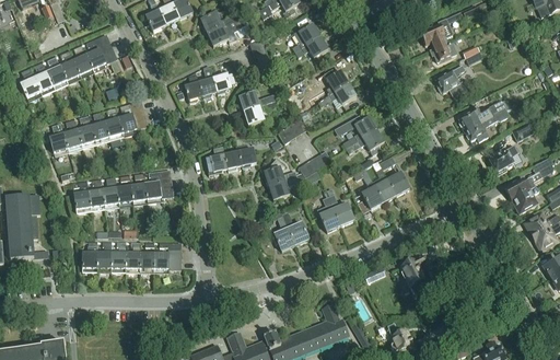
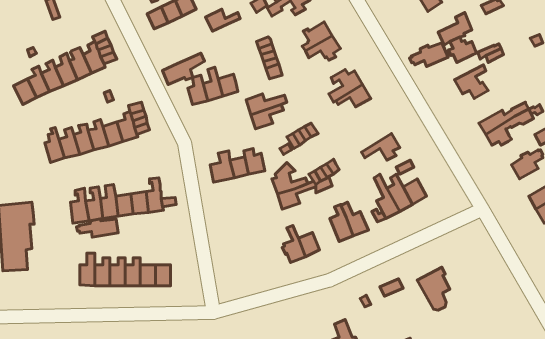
building: [207,15,246,45] -> [162,53,204,85]
building: none -> [410,43,448,67]
building: [336,115,375,146] -> none
building: none -> [76,219,118,237]

